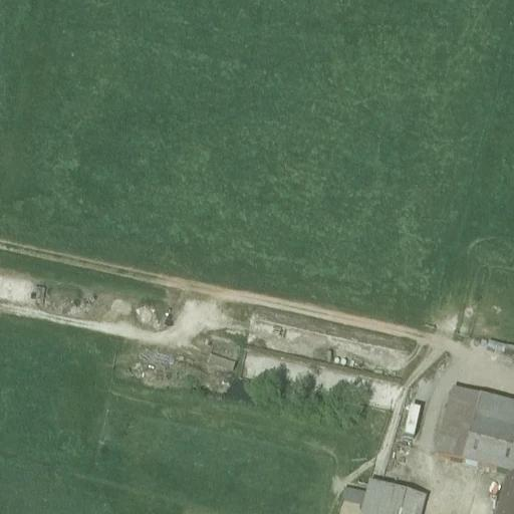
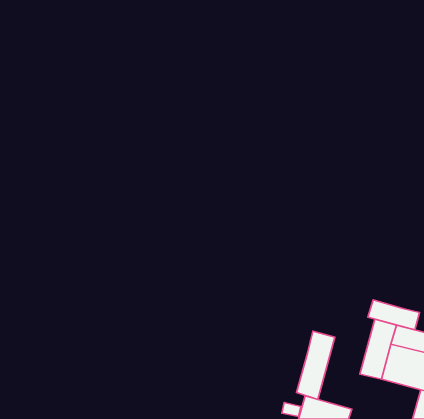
building: none -> [368,300,420,330]
building: none -> [296,331,335,399]

